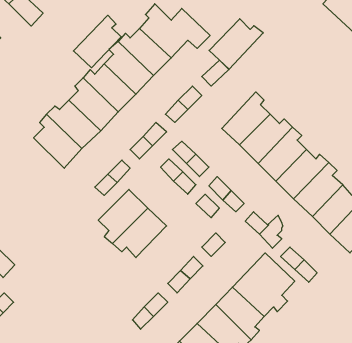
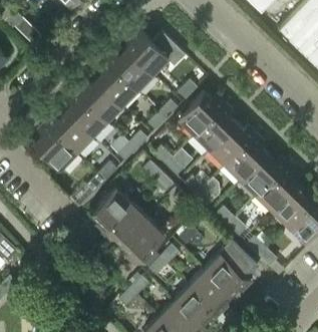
building: [73,15,121,68] -> none
building: [209,19,263,69] -> [179,92,225,135]
building: none -> [122,219,164,266]

